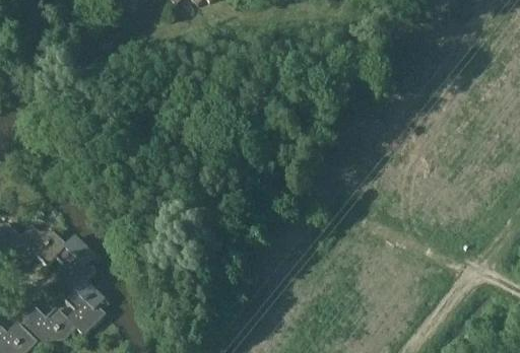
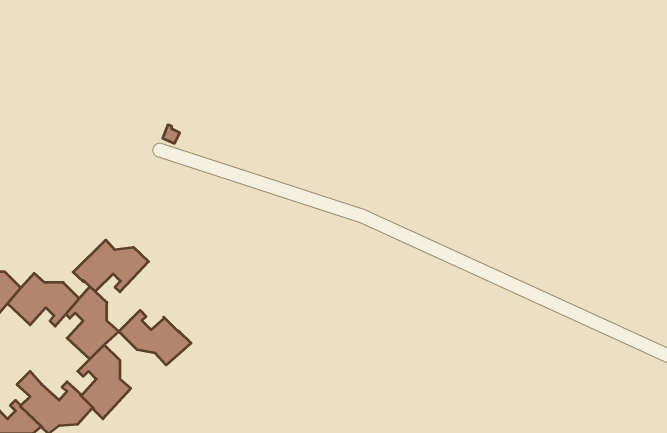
building: none -> [73,240,149,292]
building: none -> [119,310,191,365]

